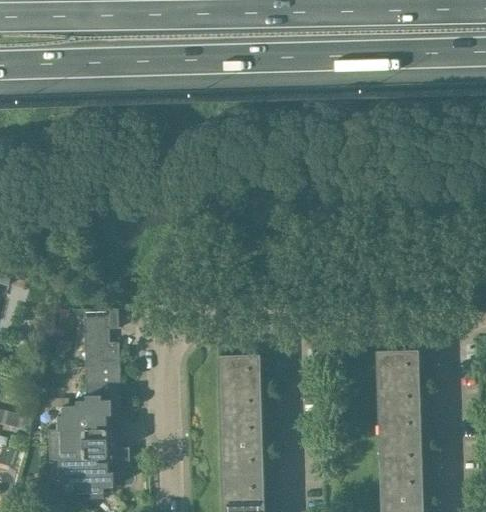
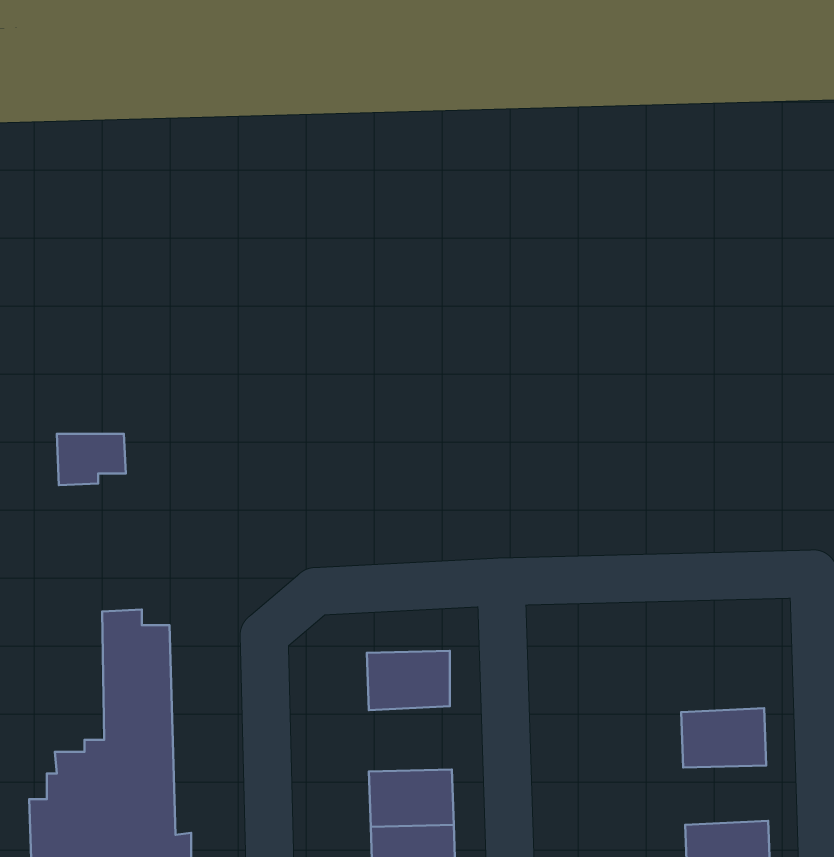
building: [83,311,118,337] -> [57,434,126,485]
building: [376,352,419,388] -> none
building: [219,385,261,418] -> none
building: [378,415,421,445] -> none

